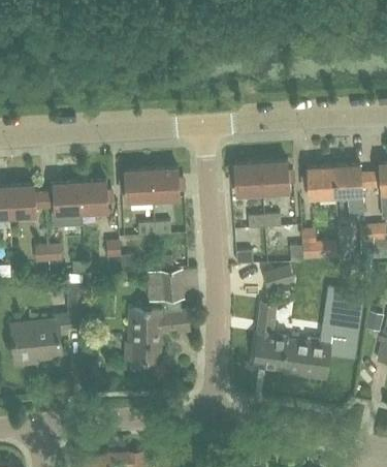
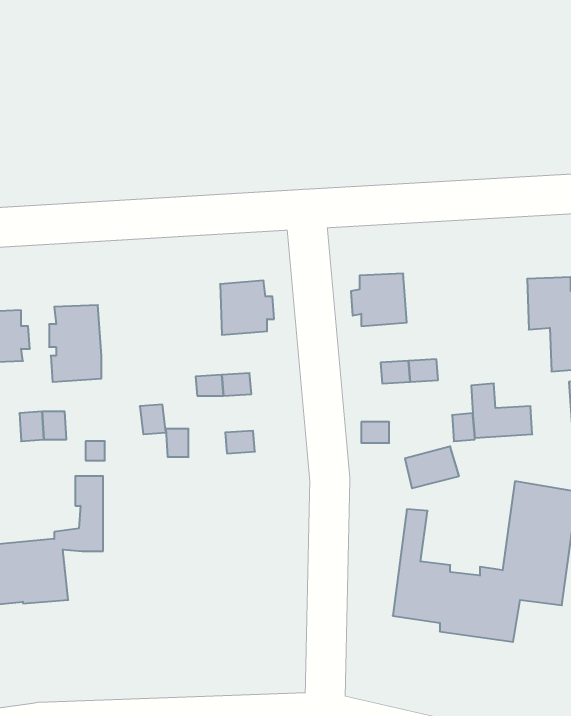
building: [260,162,293,193] -> none
building: [303,167,334,198] -> none
building: [121,170,153,203] -> none
building: [79,181,111,213] -> none
building: [129,272,190,362] -> none

